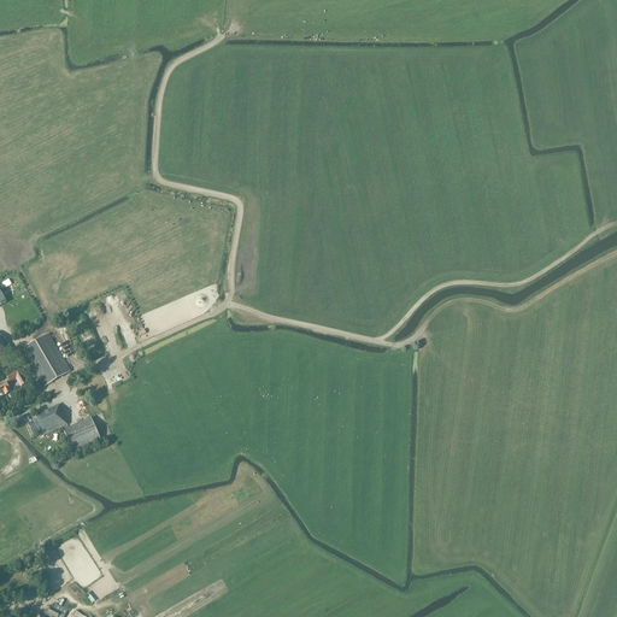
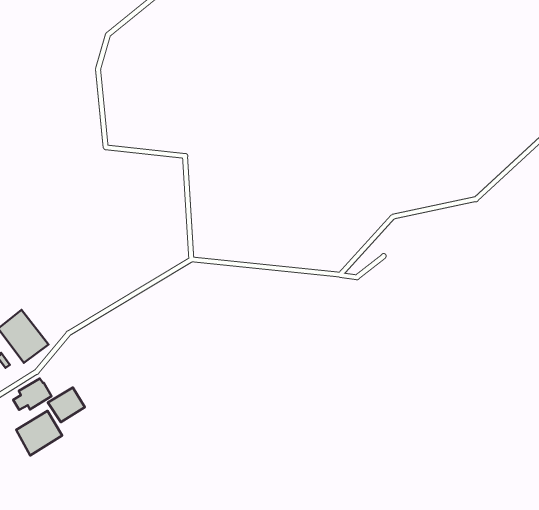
building: none -> [16,411,62,455]

